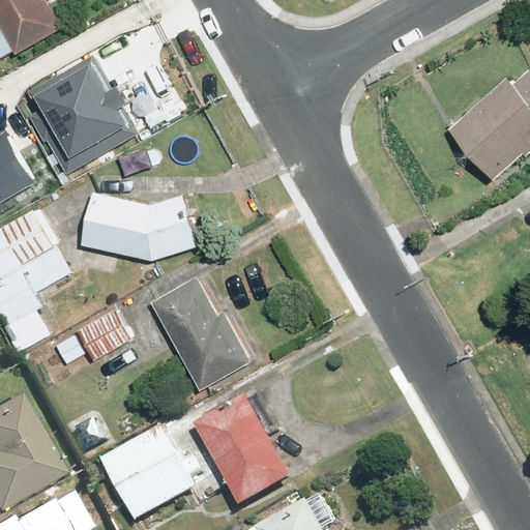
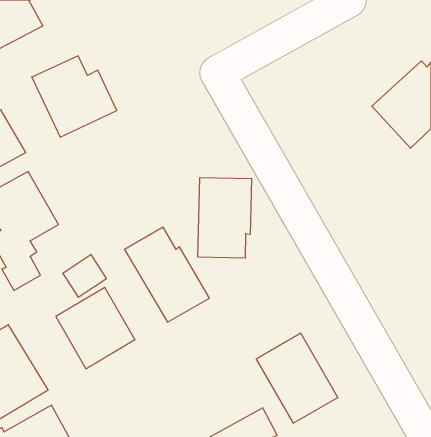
building: [82,193,199,260] -> none
building: none -> [198,178,251,258]
building: [193,396,291,505] -> [256,333,338,423]
building: [98,426,194,525] -> [56,287,135,369]

